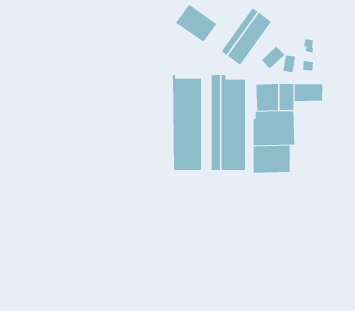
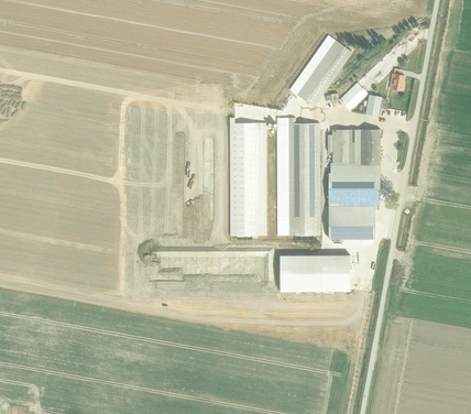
building: [175,4,217,42] -> none
building: [294,83,323,102] -> none
building: none -> [280,252,350,291]

